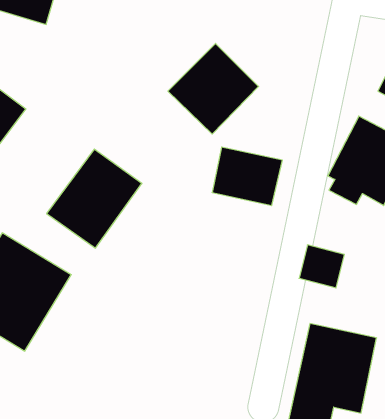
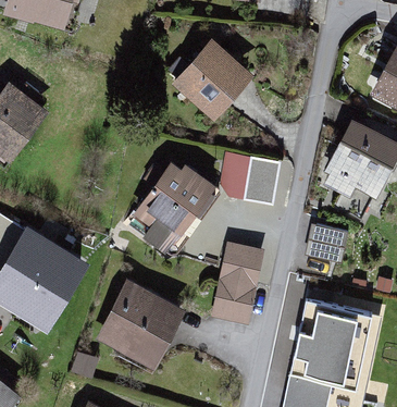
building: [47,149,142,248] -> [132,171,219,261]
building: none -> [213,244,261,322]
building: none -> [99,284,181,367]

